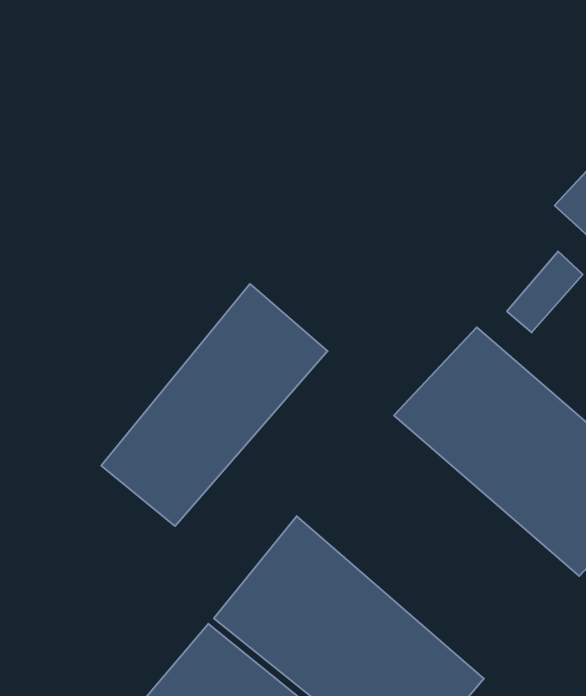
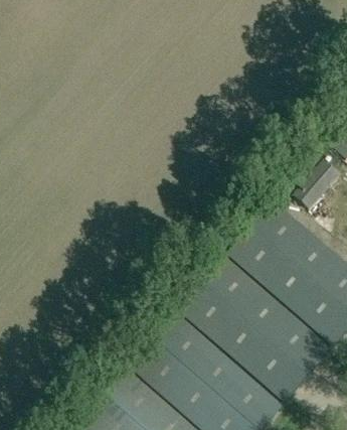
building: [101,284,328,526] -> none
building: none -> [178,257,332,400]

